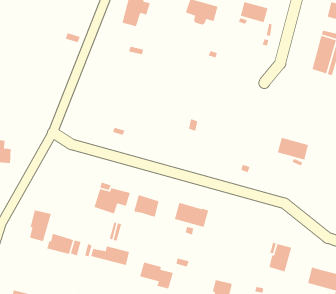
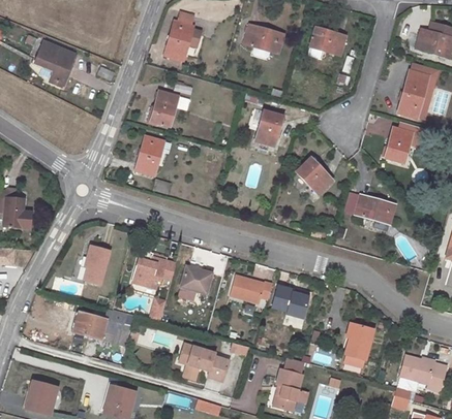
building: none -> [36,41,76,86]
building: none -> [150,90,189,126]
building: none -> [255,109,283,146]
building: none -> [385,127,413,162]
building: none -> [135,135,165,175]
building: none -> [297,157,333,194]
building: [29,209,52,242] -> [84,245,112,285]
building: none -> [272,285,308,318]

